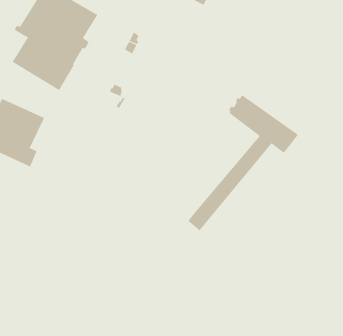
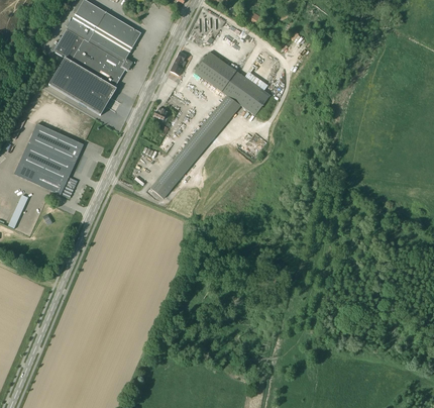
building: [188,95,299,231] -> [150,50,270,198]

